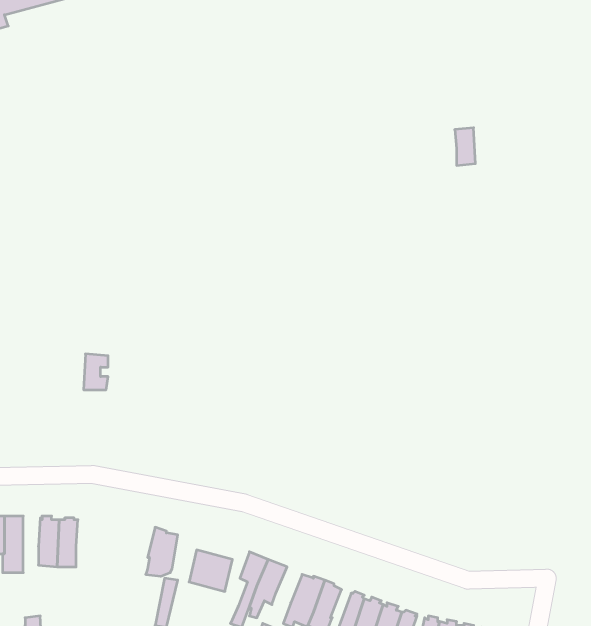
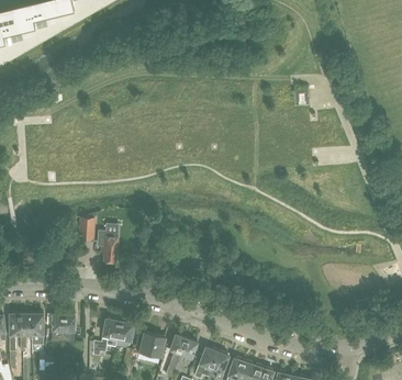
building: none -> [97,231,116,262]
building: none -> [93,318,120,356]

